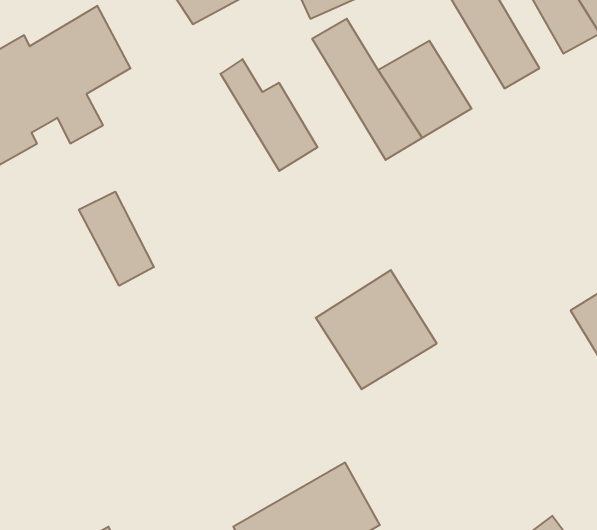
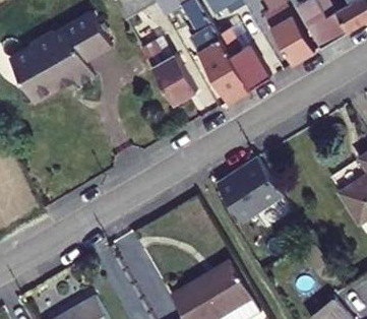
building: [79,192,154,286] -> none

